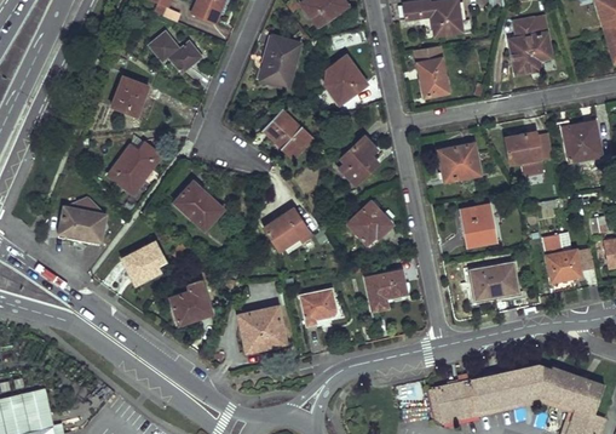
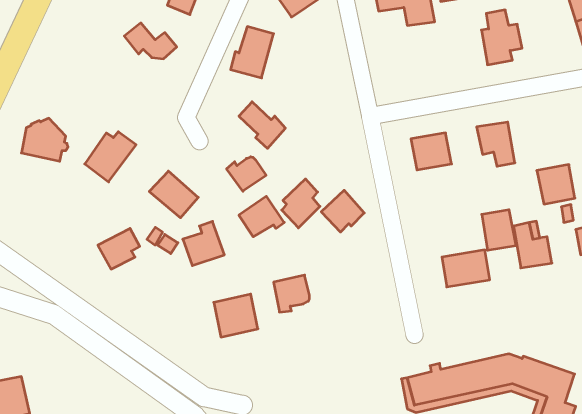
building: [415,46,449,96] -> none
building: [324,56,365,103] -> none
building: [110,76,146,115] -> none
building: [563,121,601,161] -> [537,165,575,204]
building: [339,136,378,185] -> [282,179,320,228]
building: none -> [227,157,266,191]
building: [59,196,106,240] -> [21,118,68,161]
building: [460,205,495,246] -> [482,210,516,250]
building: [365,270,405,309] -> none
building: [169,279,212,324] -> [183,221,224,266]

